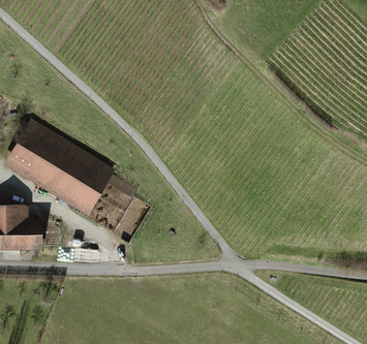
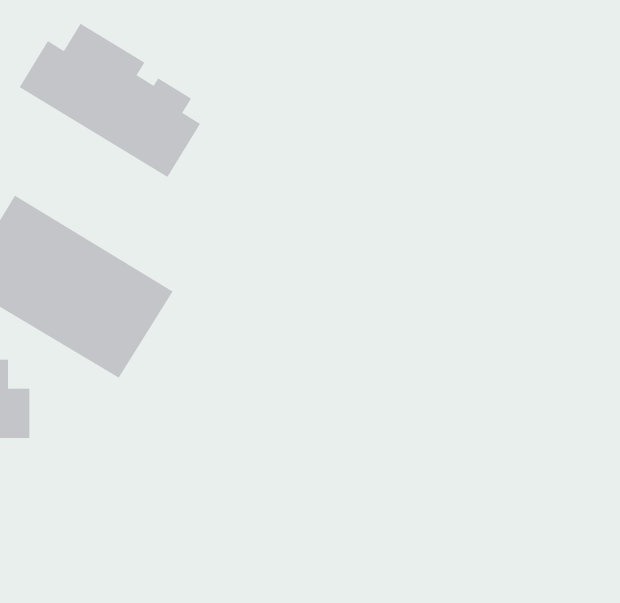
building: none -> [19,23,201,178]

